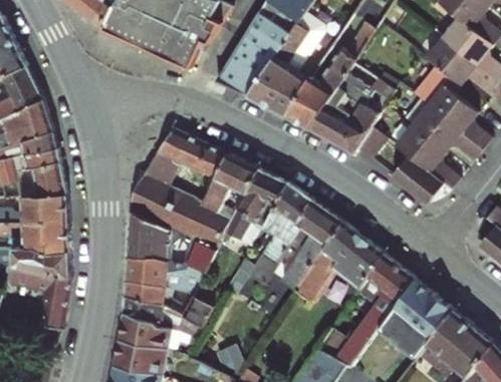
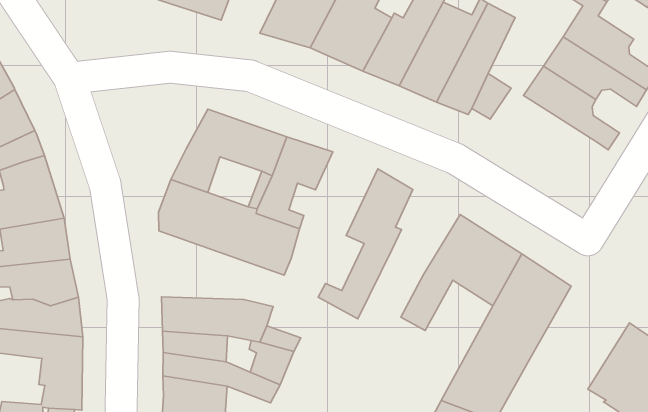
building: [393,154,444,202] -> none
building: [221,168,288,242] -> none
building: [279,201,342,289] -> none
building: [128,211,215,272] -> none
building: [382,280,453,357] -> none

